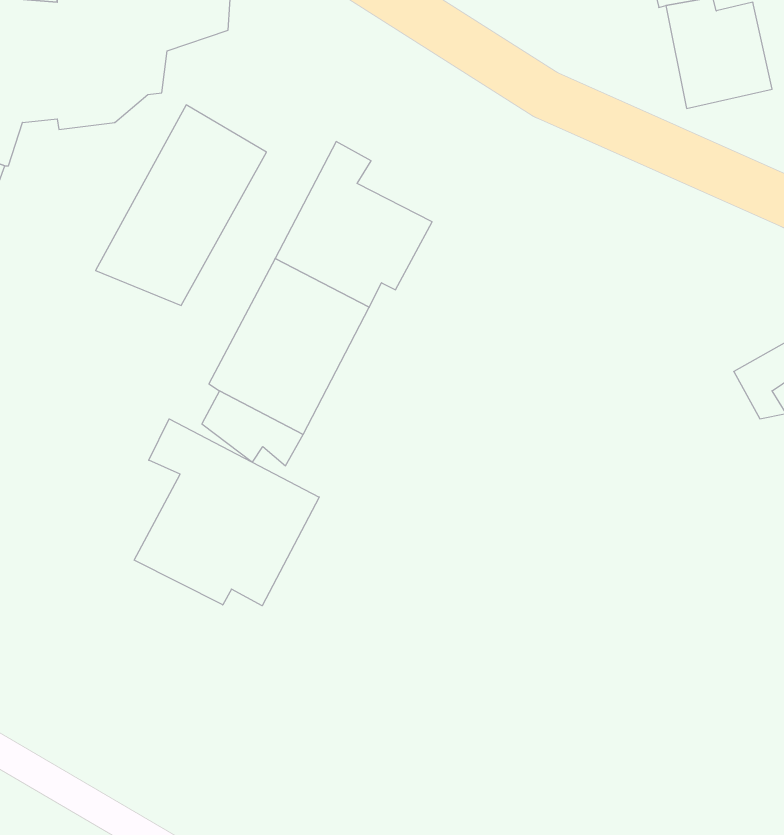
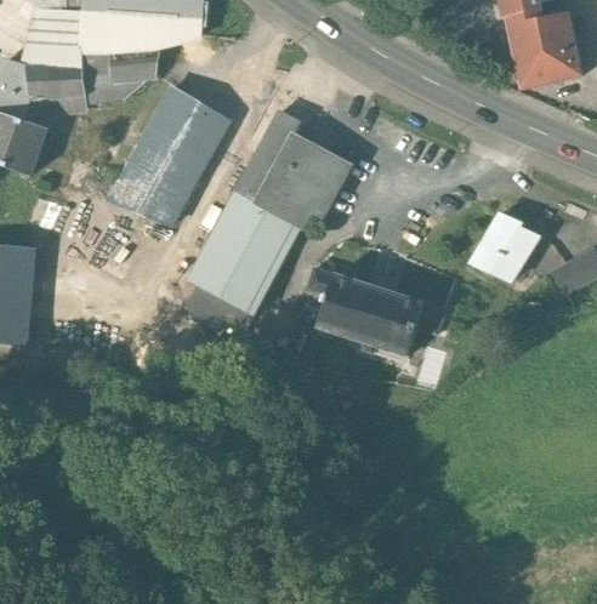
building: none -> [471,212,545,279]
building: none -> [307,268,444,354]
building: [134,419,319,606] -> none

